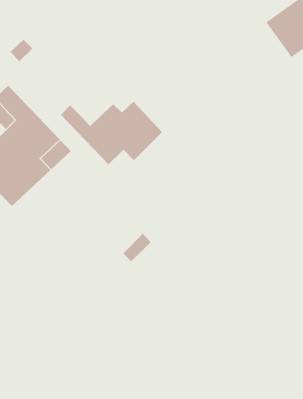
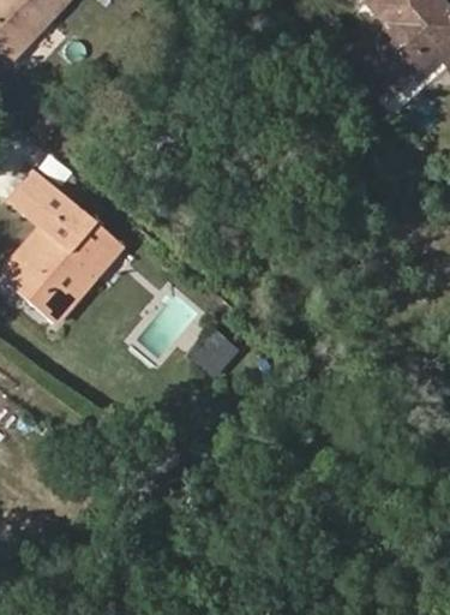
building: [60,101,163,165] -> none

